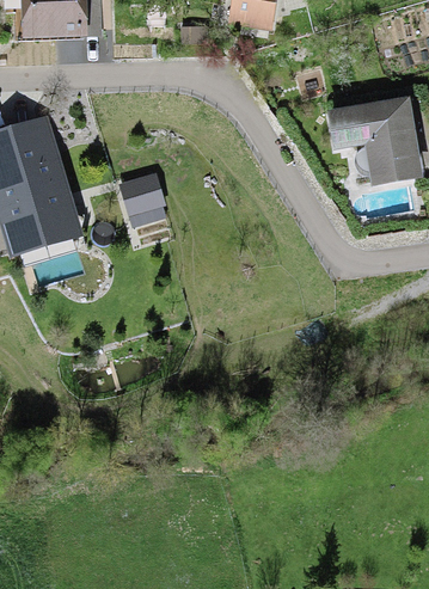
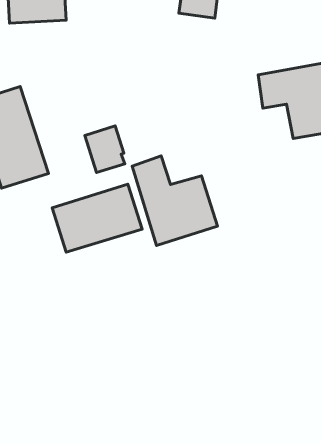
building: none -> [132,156,218,245]
building: none -> [52,184,142,252]

